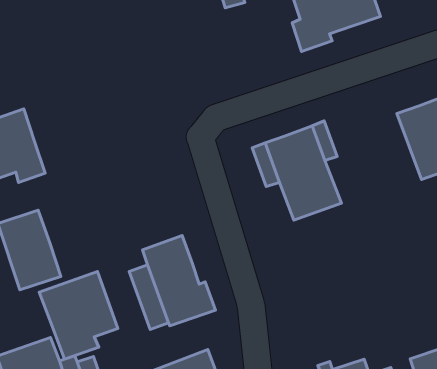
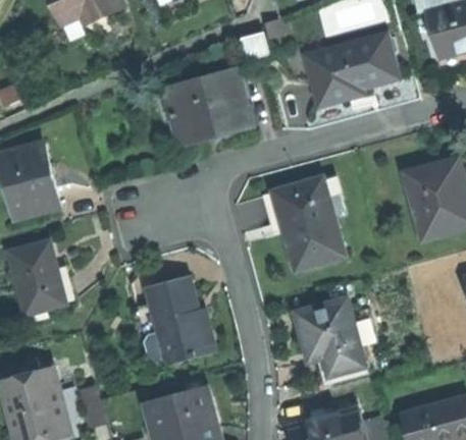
building: none -> [170,71,249,144]
building: none -> [296,296,365,376]
building: [39,271,118,359] -> none

